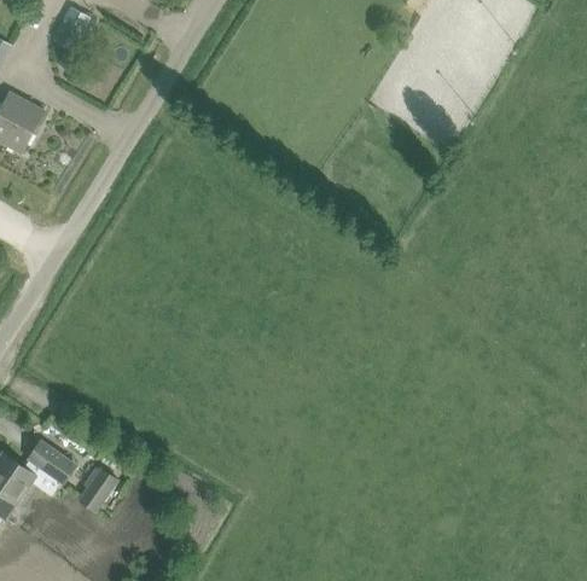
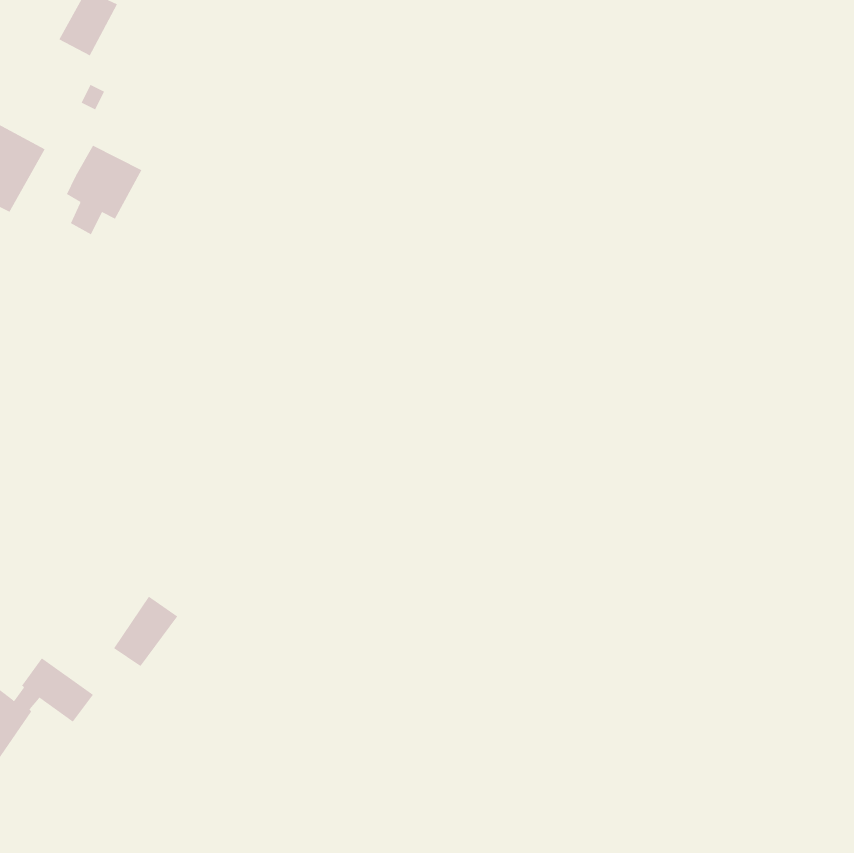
building: none -> [66,145,142,235]
building: [79,465,121,511] -> [113,596,178,667]

